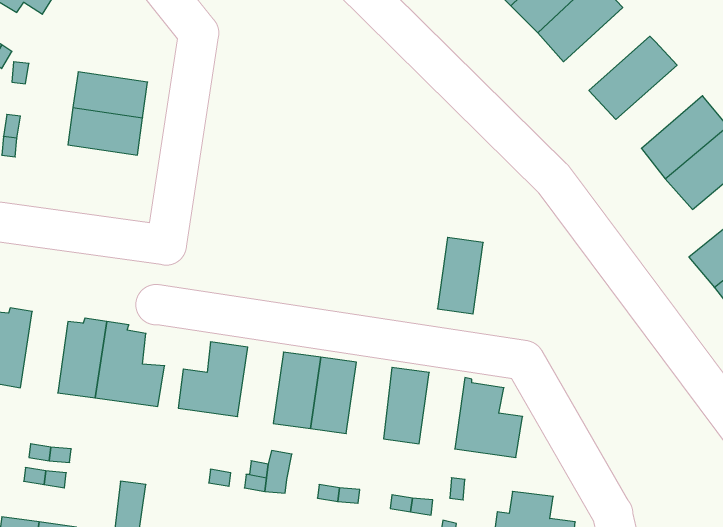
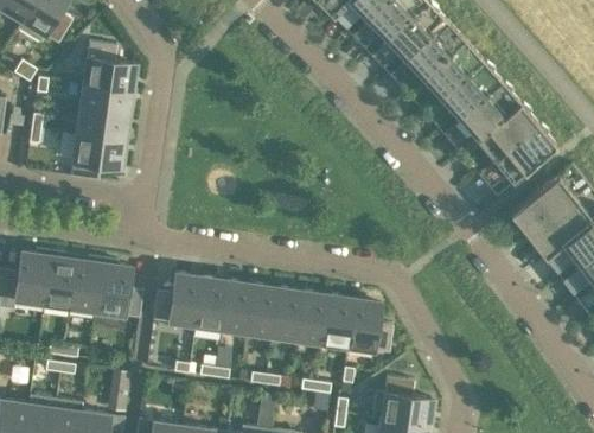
building: none -> [422,40,483,98]
building: none -> [83,43,134,93]
building: none -> [459,81,519,139]
building: none -> [70,136,124,182]
building: [437,237,483,314] -> [321,295,353,349]
building: none -> [43,253,76,310]
building: none -> [194,278,226,331]
building: none -> [270,288,302,342]

